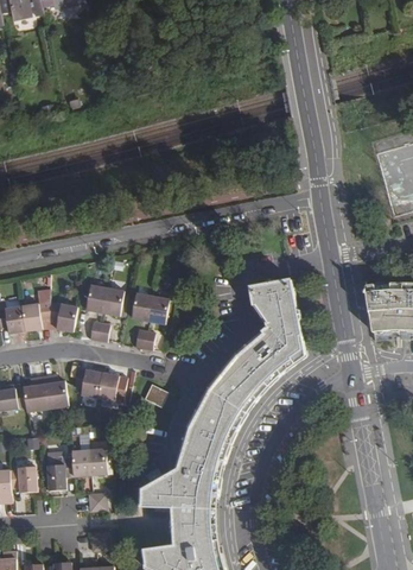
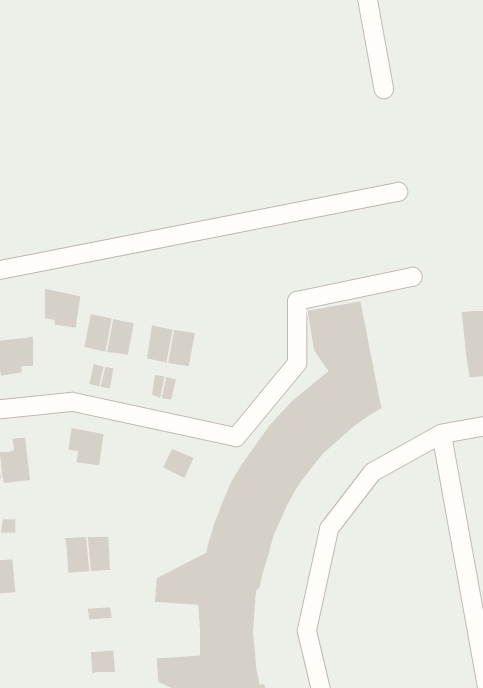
building: [49,303,76,332] -> [44,288,81,328]
building: [97,375,125,404] -> none
building: [43,376,68,410] -> none
building: [46,460,74,492] -> none

